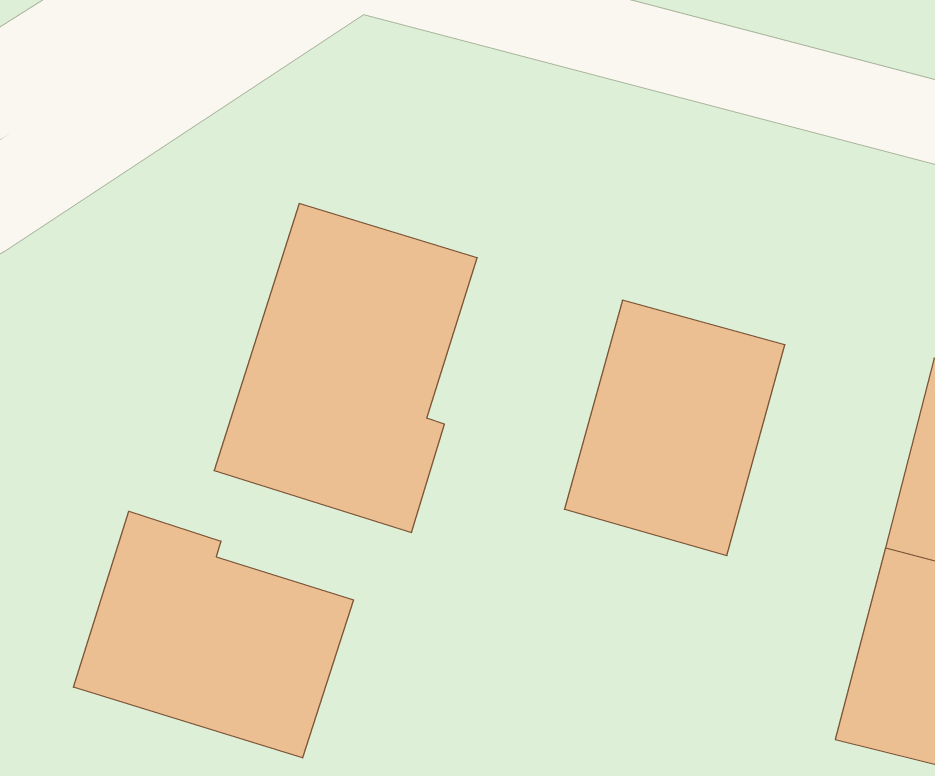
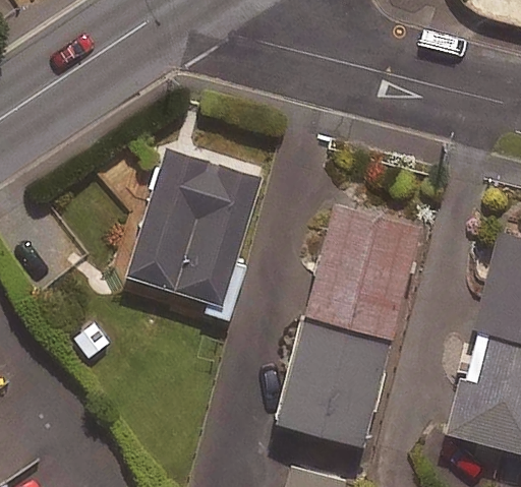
building: none -> [277,312,393,445]
building: [73,511,354,758] -> none

